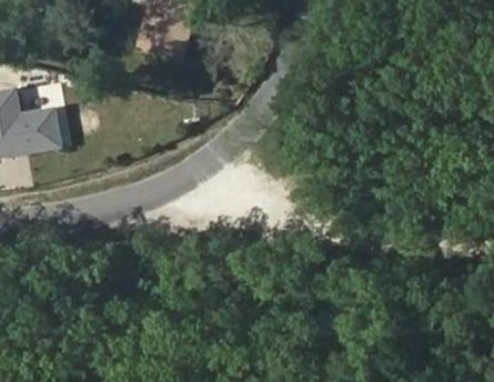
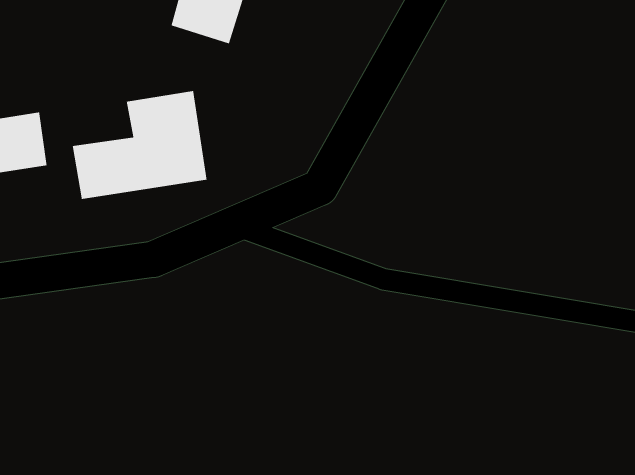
building: none -> [72,90,207,200]

